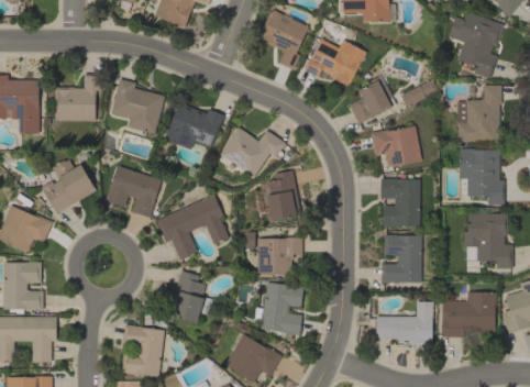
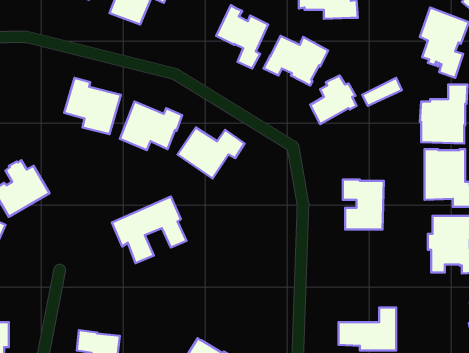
building: [55,75,100,120] -> none
building: [369,125,422,168] -> none
building: [104,166,161,218] -> none
building: [266,170,300,221] -> none
building: [382,235,421,284] -> none
building: [257,237,302,274] -> none
building: [170,270,212,323] -> none
building: [262,284,305,336] -> none
building: [441,292,496,338] -> none

